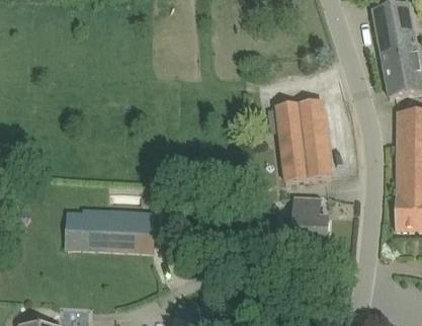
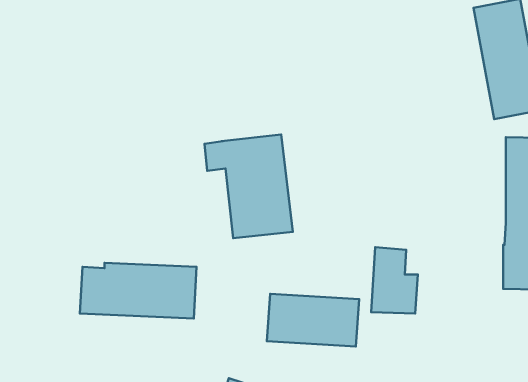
building: [261,100,330,181] -> [205,135,293,238]
building: none -> [267,294,359,347]

